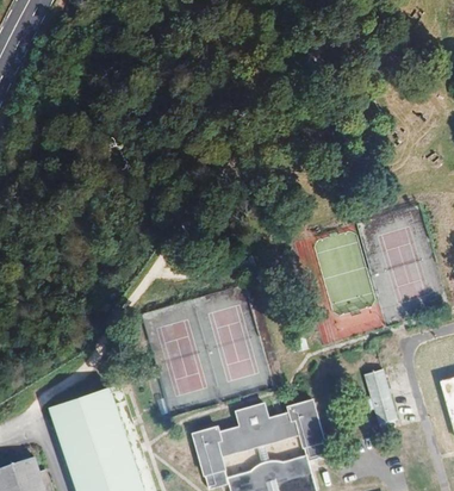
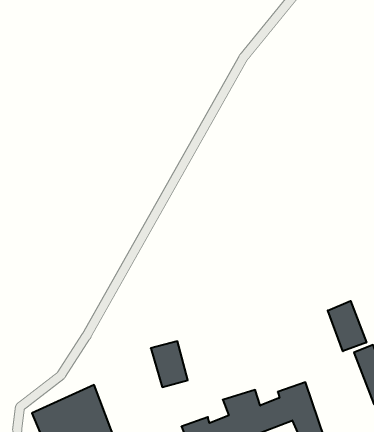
building: none -> [328,301,366,351]

